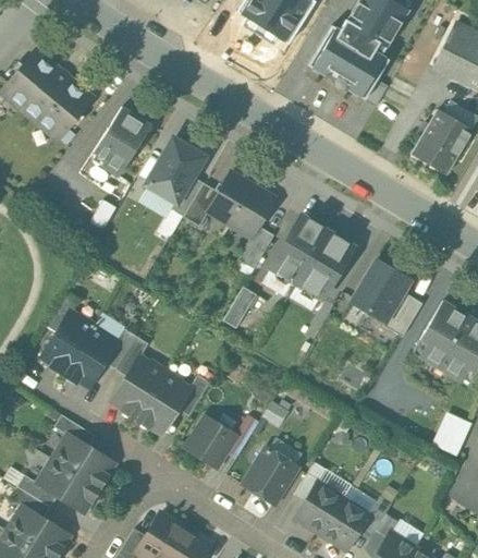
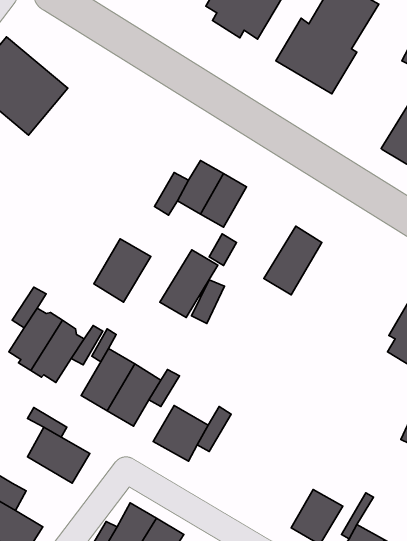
building: [93,108,151,178] -> none
building: [147,141,204,204] -> [94,239,151,302]
building: [269,217,327,284] -> [160,250,218,318]
building: [351,262,409,324] -> none
building: [242,447,298,505] -> none
building: [45,462,105,513] -> none
building: [293,477,344,533] -> none

